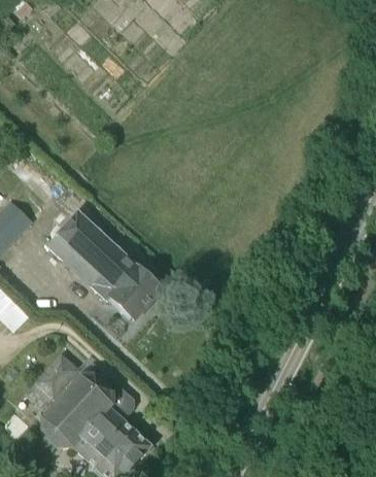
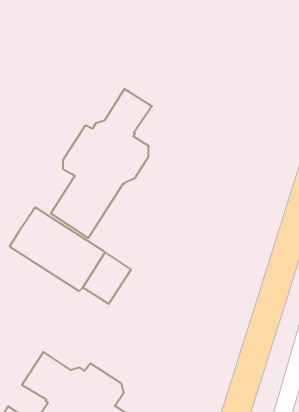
building: none -> [51,89,152,238]

